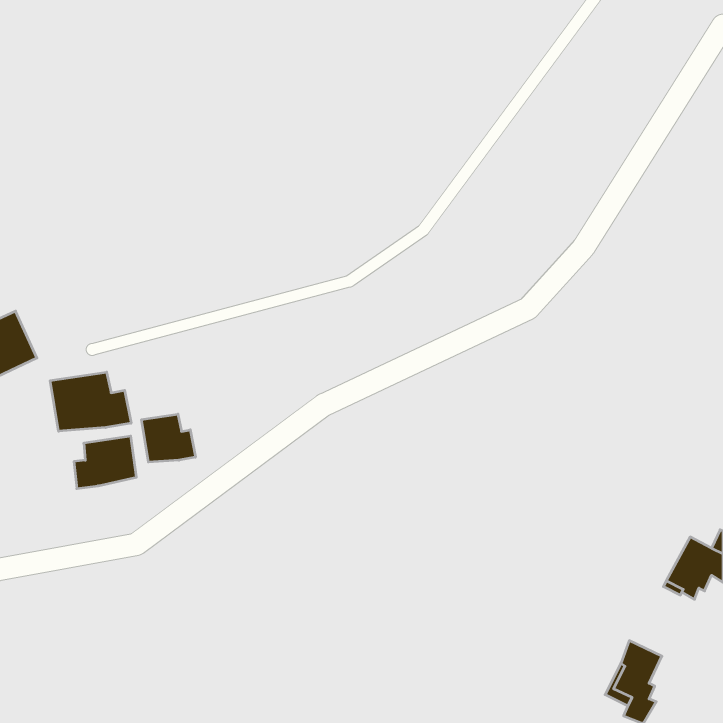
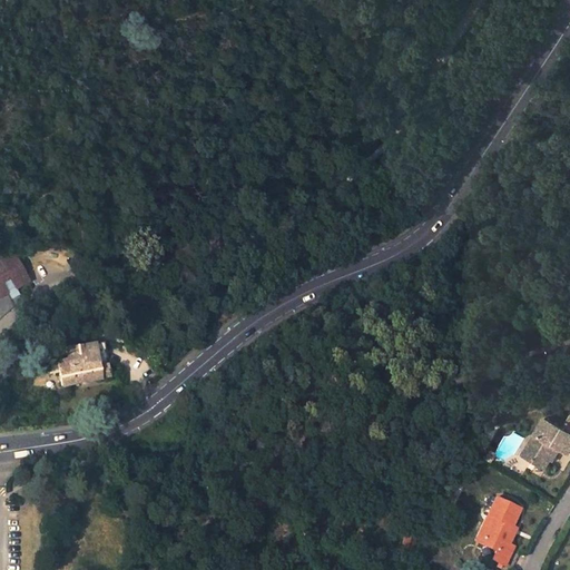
building: [50,372,131,431] -> none
building: [142,414,195,462] -> none

